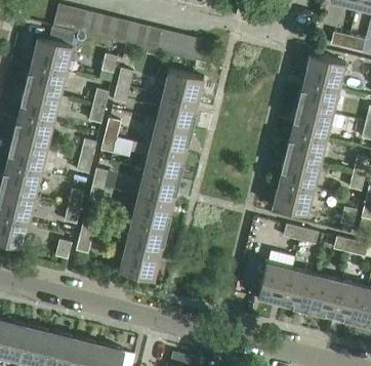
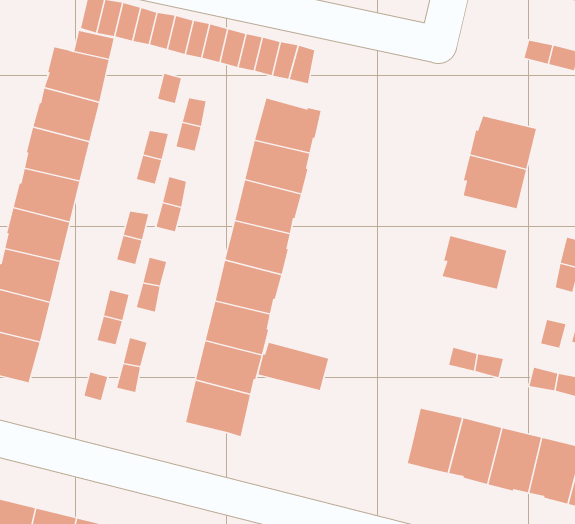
building: [304,53,344,88] -> none
building: [284,130,326,164] -> none
building: [273,180,314,214] -> none
building: none -> [257,342,329,391]

